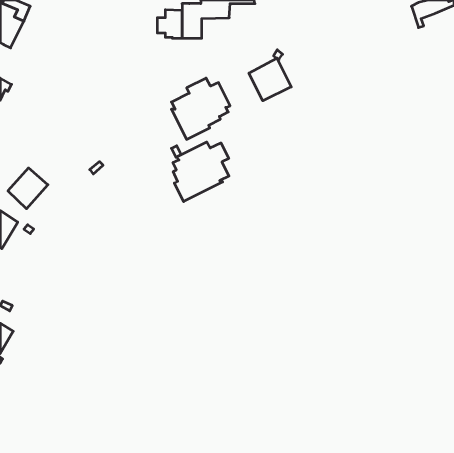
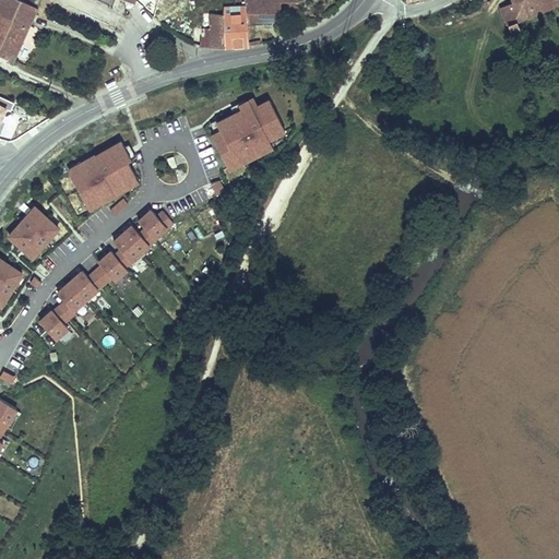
building: [249,58,291,101] -> none
building: none -> [68,144,139,210]
building: [173,142,229,202] -> none
building: none -> [40,210,174,337]

